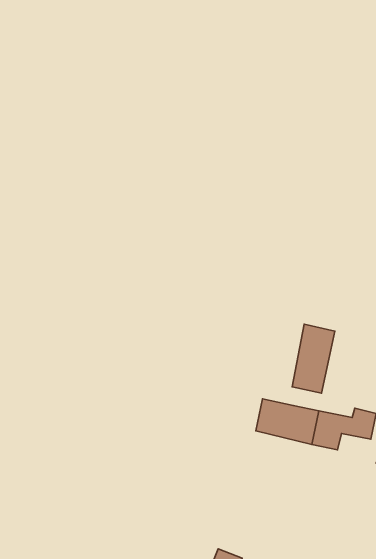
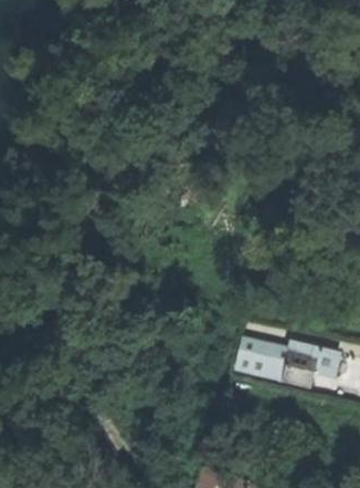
building: [292,324,335,393] -> none

